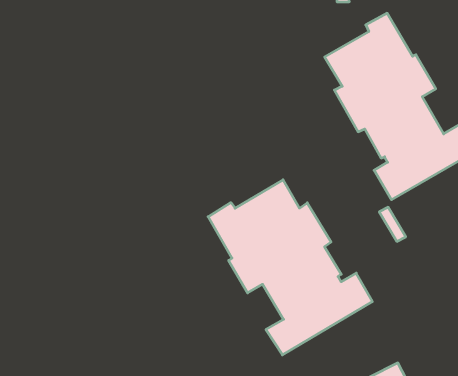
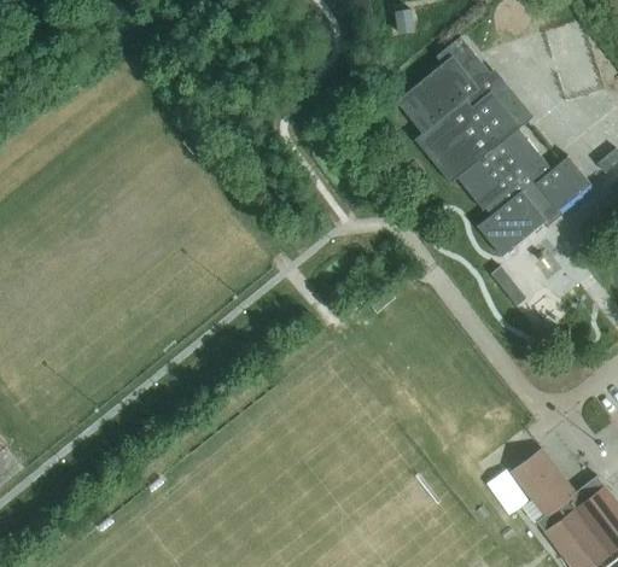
building: [208,180,372,355] -> none

